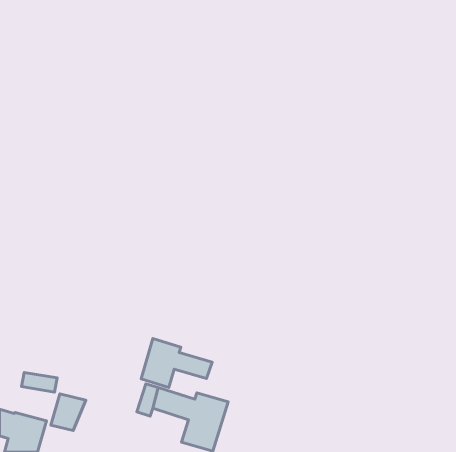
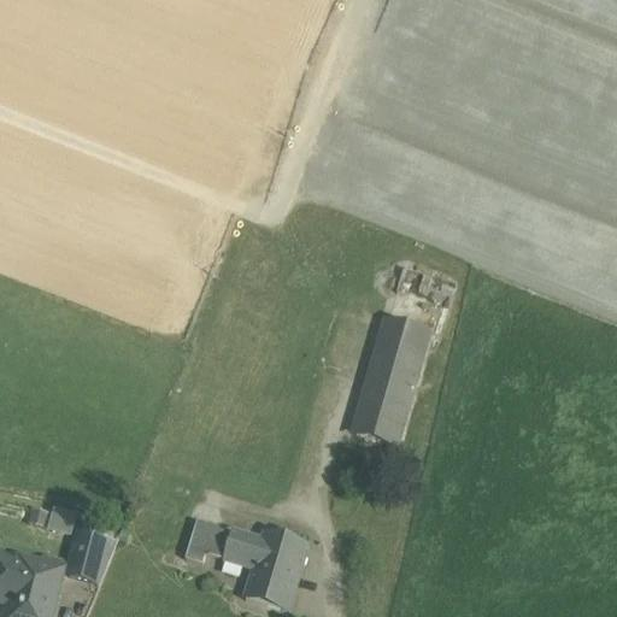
building: none -> [355,318,427,441]
building: [141,338,212,388] -> none

